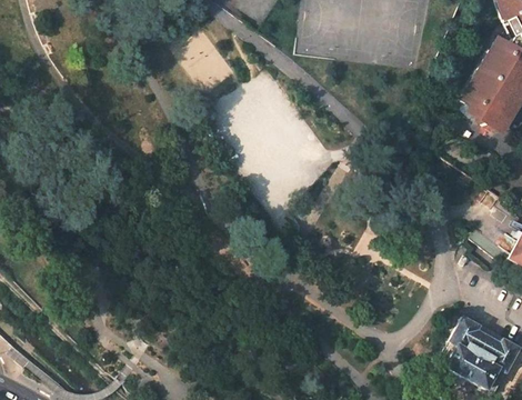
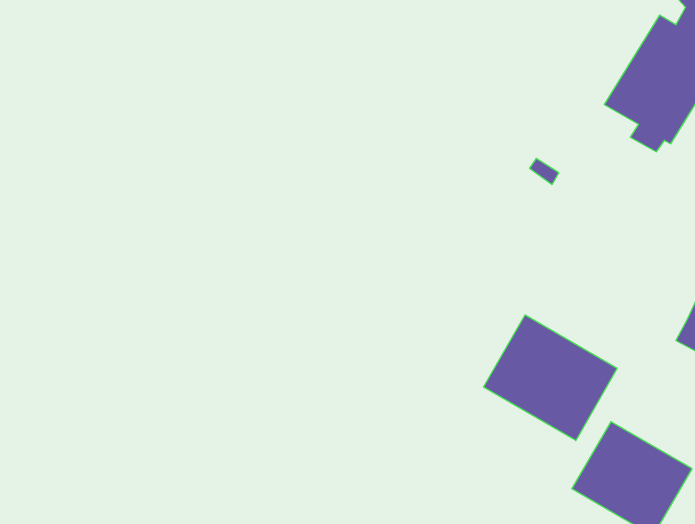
building: none -> [484,315,617,441]

